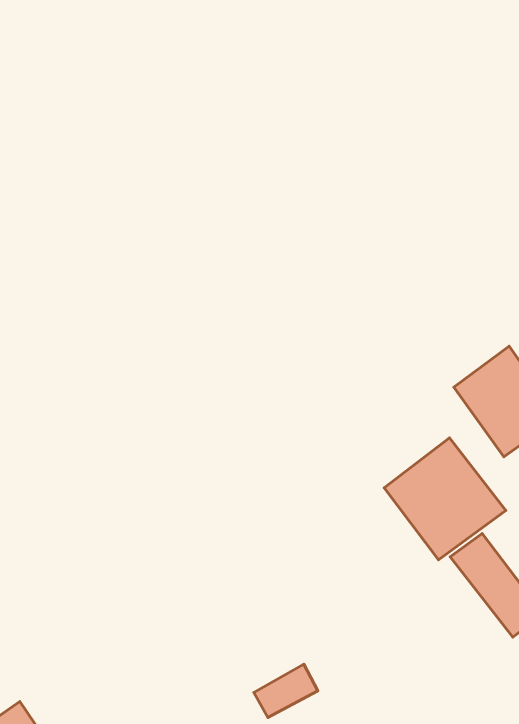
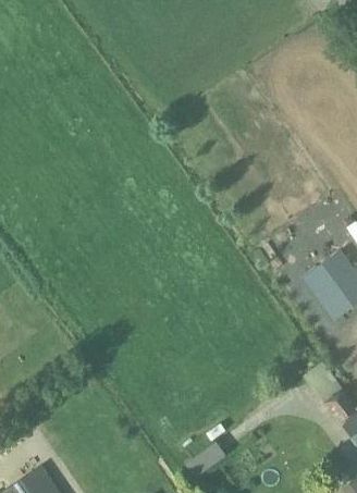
building: [384,438,506,560] -> none

